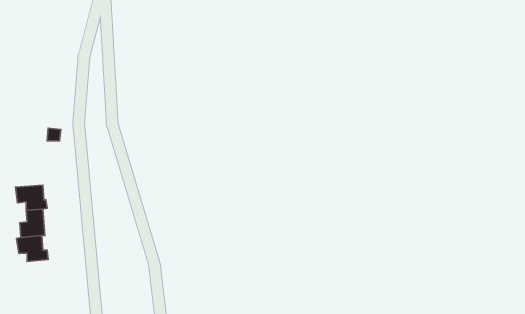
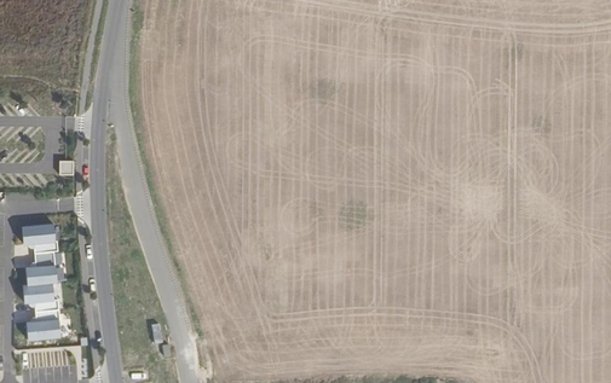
building: none -> [27,312,60,342]

